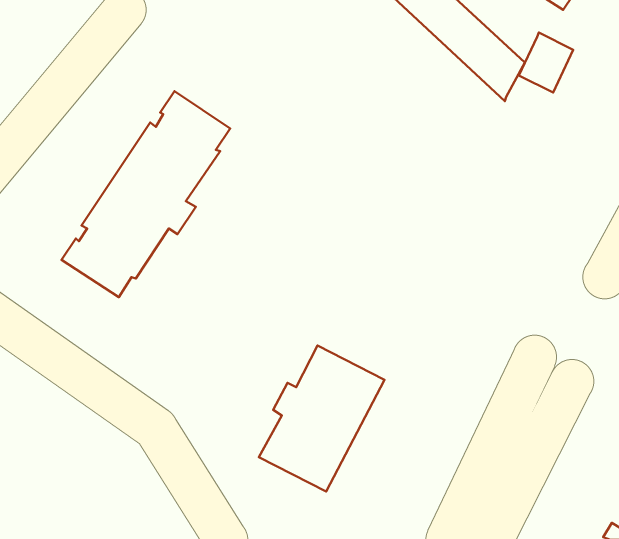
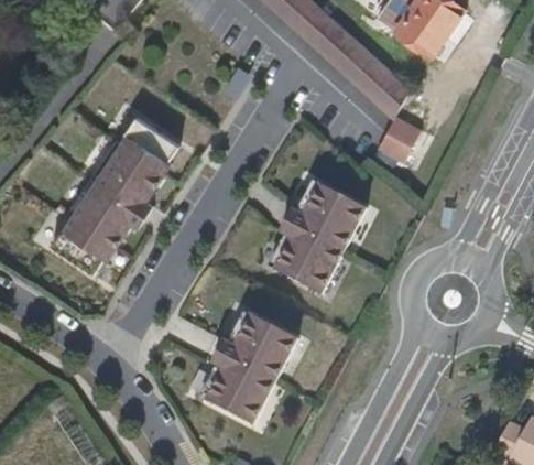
building: [519,33,573,93] -> [378,118,419,164]
building: none -> [271,179,368,292]

